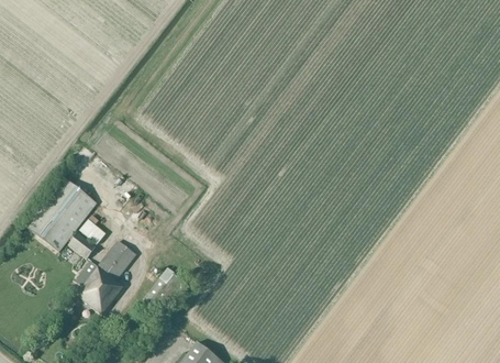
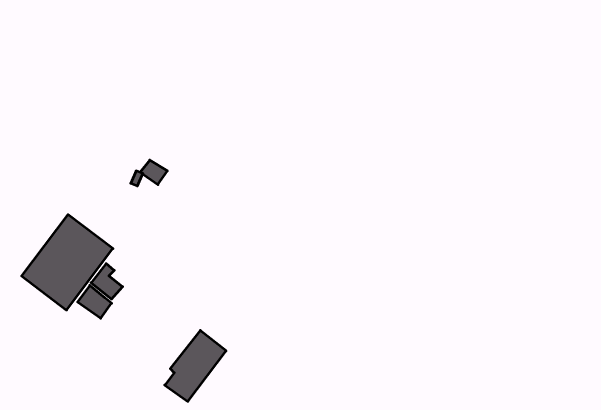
building: [74,240,136,316] -> none

